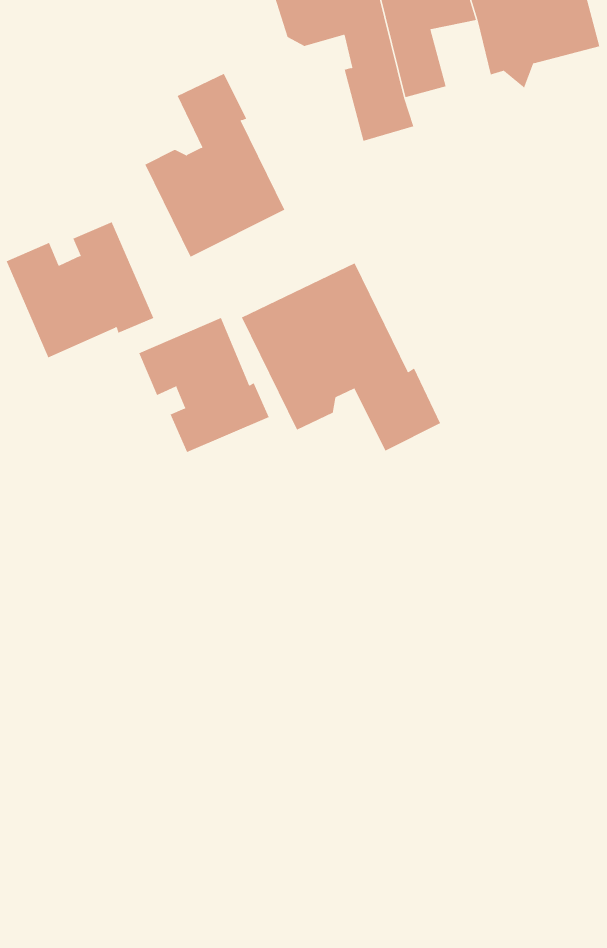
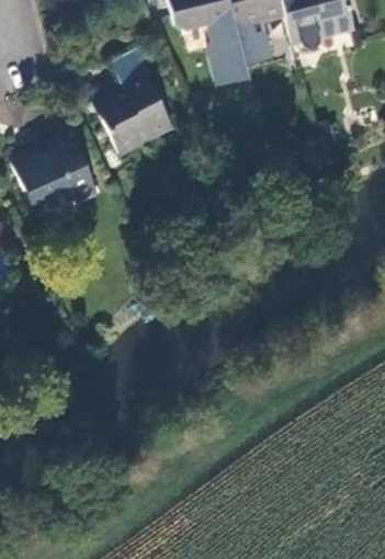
building: [241,263,441,451] -> none
building: [138,317,269,453] -> none

